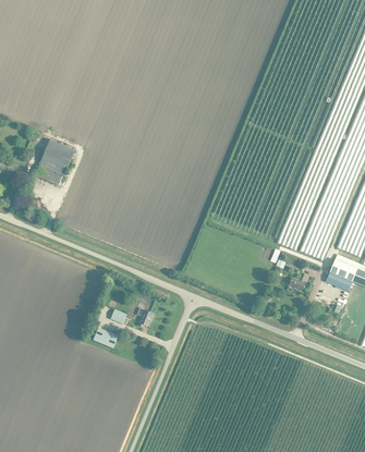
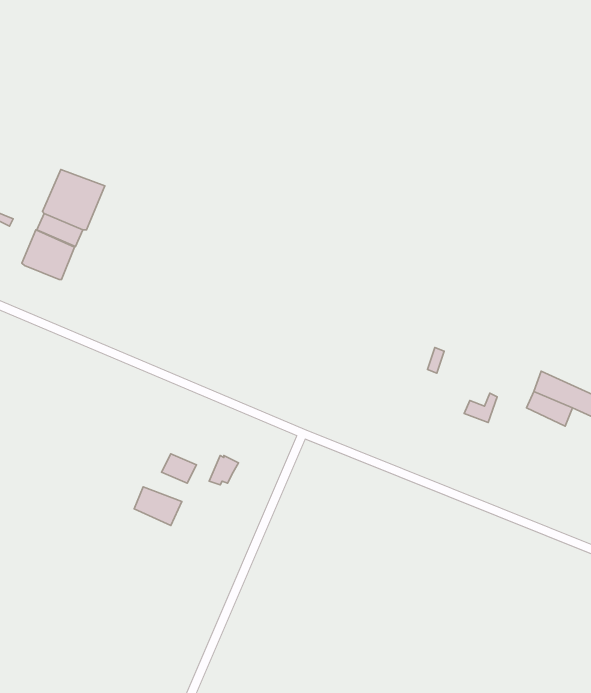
building: none -> [22,230,74,280]

